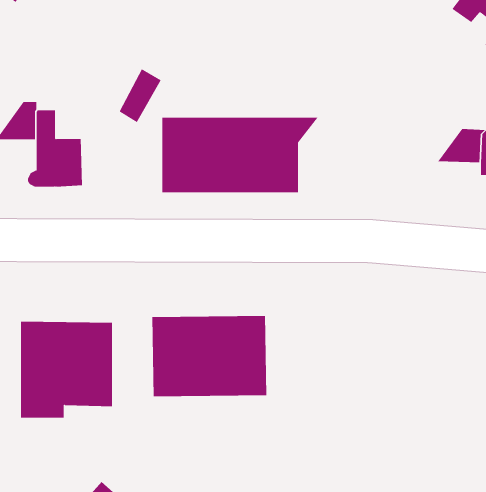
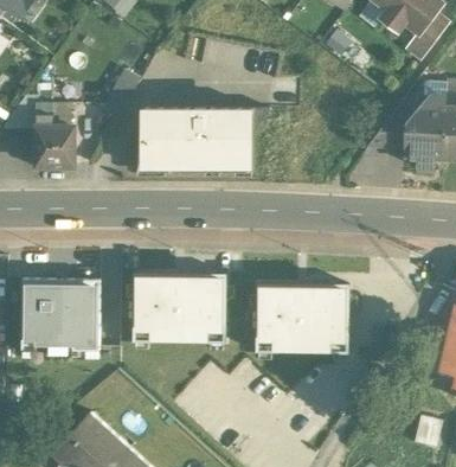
building: none -> [256,283,349,352]

